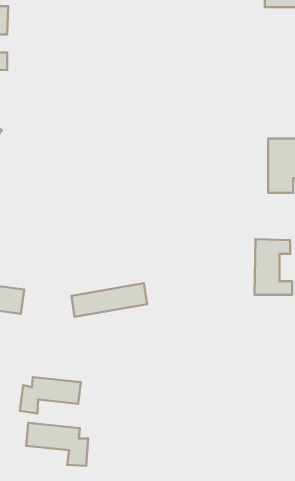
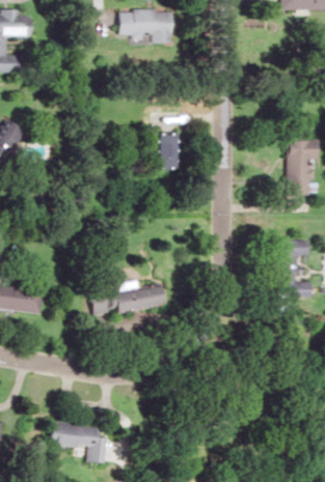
building: none -> [119,9,174,39]
building: none -> [157,134,179,169]
building: [20,377,81,414] -> none

